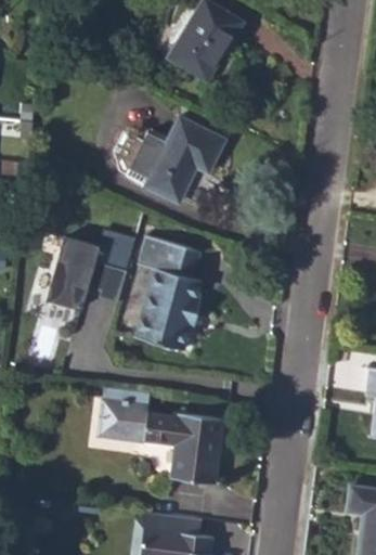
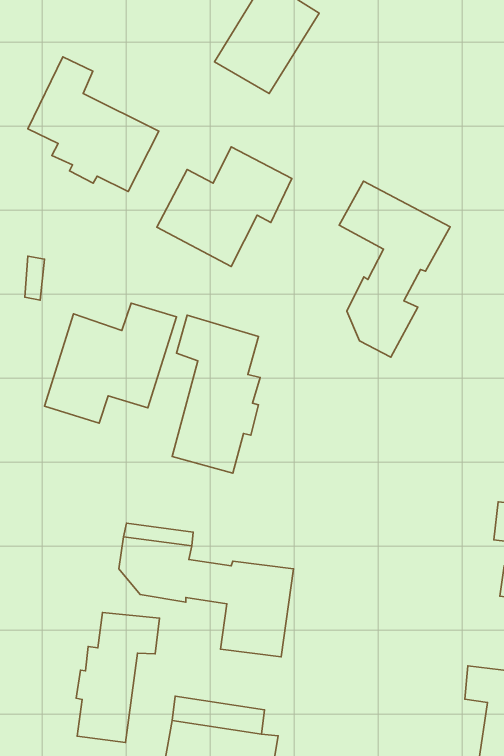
building: none -> [28,57,159,192]
building: none -> [339,181,450,357]
building: none -> [76,612,160,742]

